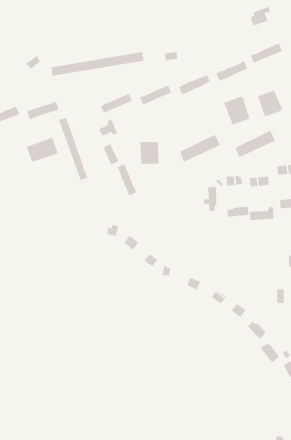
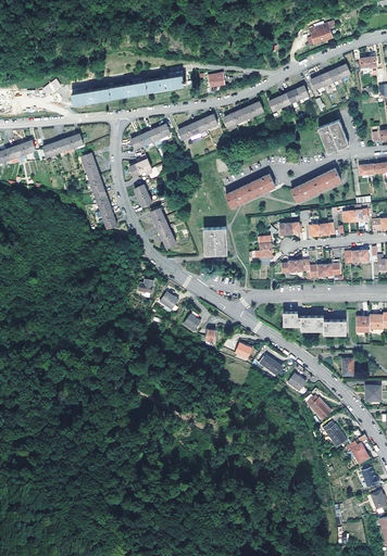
building: [224,96,250,125] -> none
building: [26,137,58,162] -> none
building: [139,142,159,164] -> [202,228,226,255]
building: none -> [283,313,346,336]

